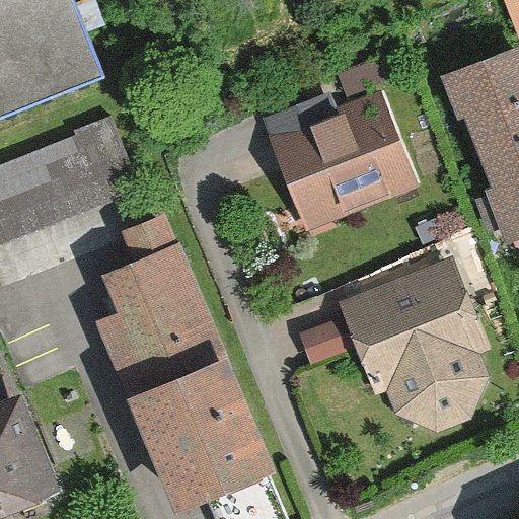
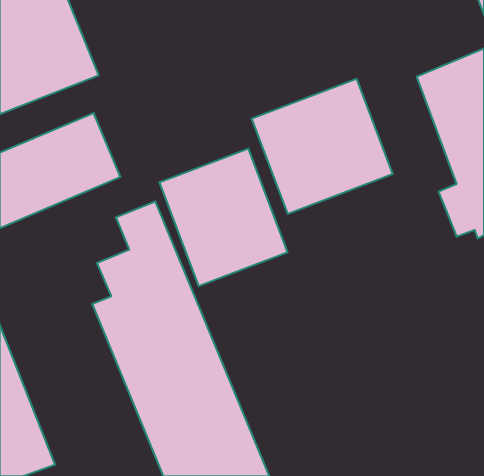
building: none -> [159,148,287,286]
building: [340,255,494,422] -> none

